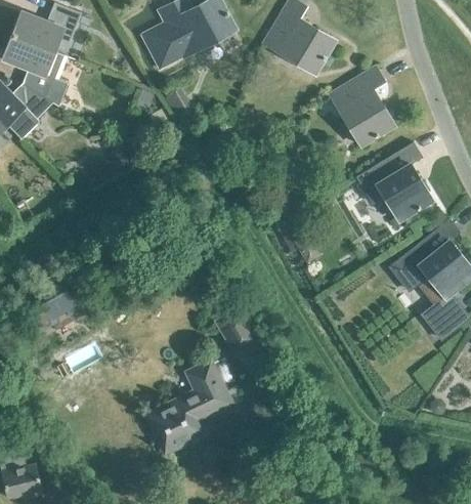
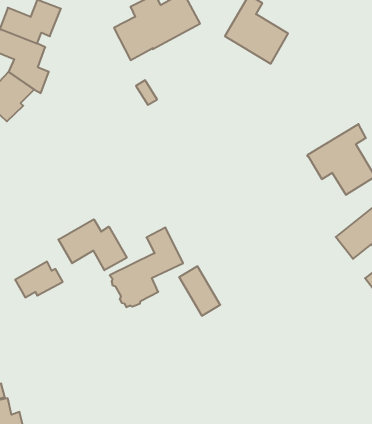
building: [330,67,394,145] -> none
building: none -> [58,219,127,270]
building: [147,362,229,451] -> [110,228,183,307]

